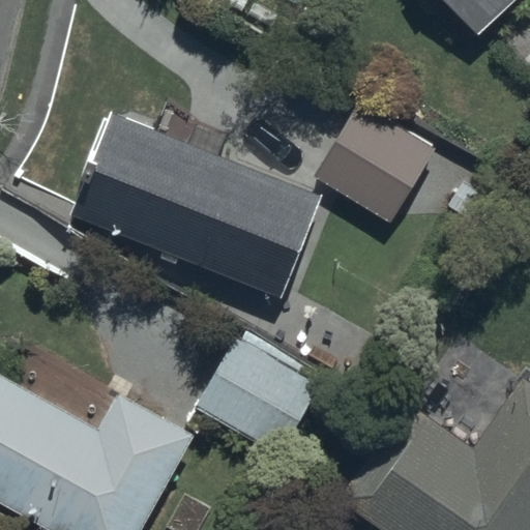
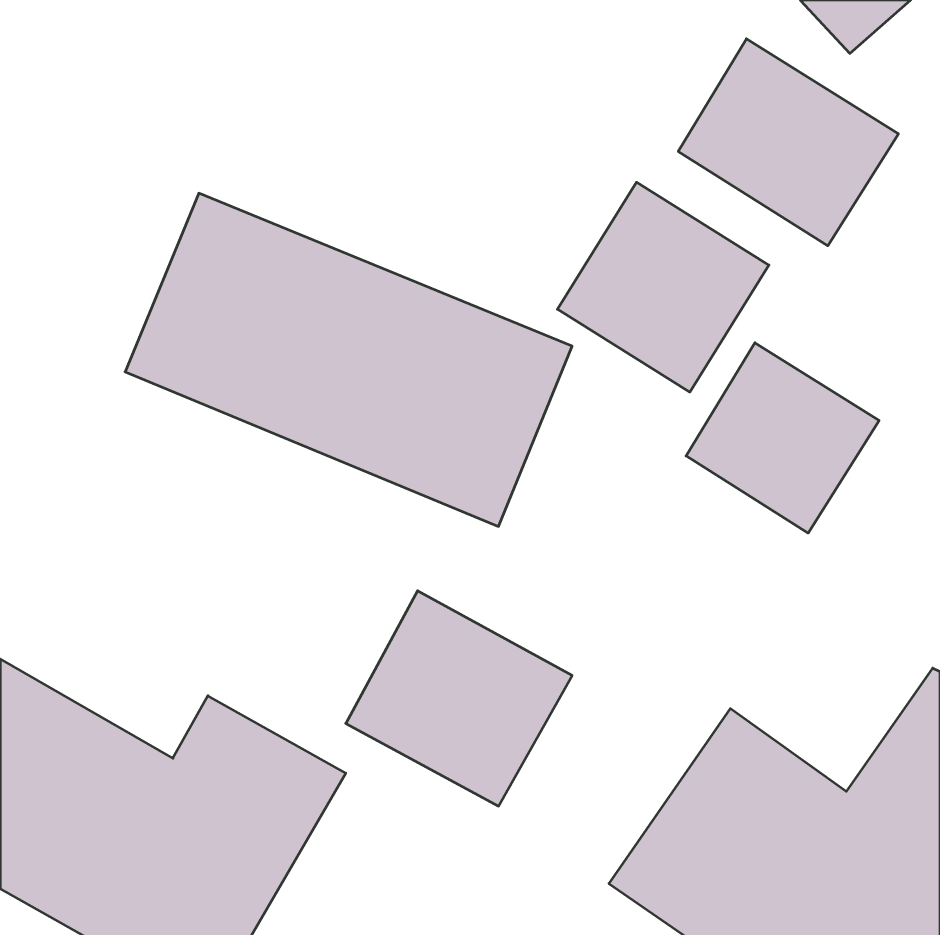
building: none -> [678,39,898,246]
building: none -> [686,343,879,533]

